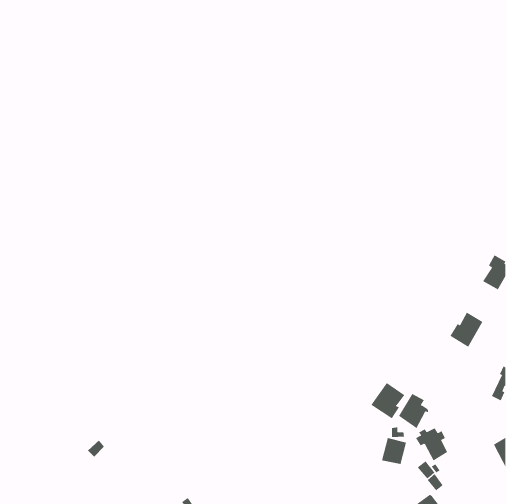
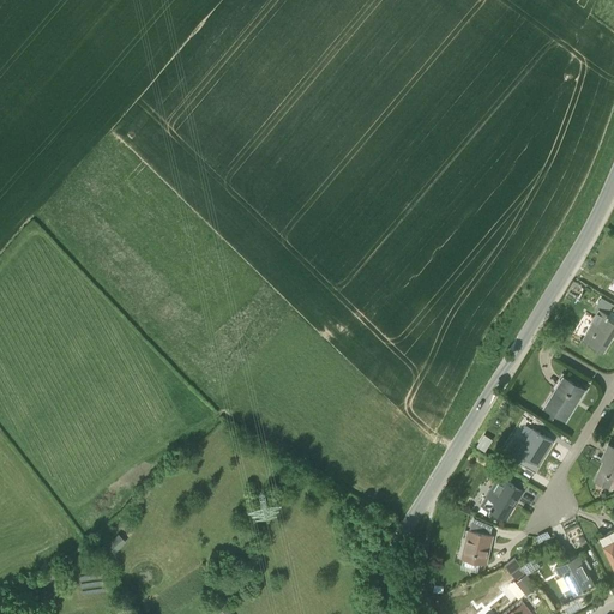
building: none -> [518,431,553,474]
building: [371,382,405,419] -> none
building: [415,427,448,461] -> [554,556,594,597]

